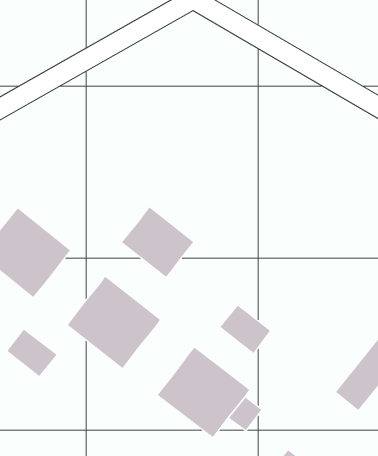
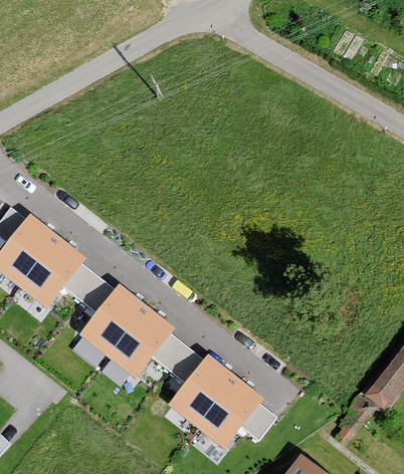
building: [121,207,194,278] -> none
building: [220,305,271,354] -> [153,335,204,385]
building: [6,329,58,377] -> [63,265,115,313]

